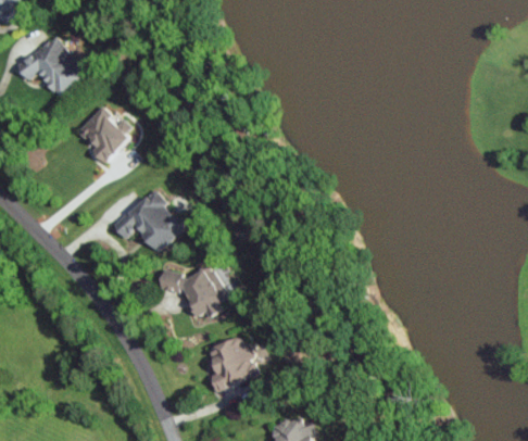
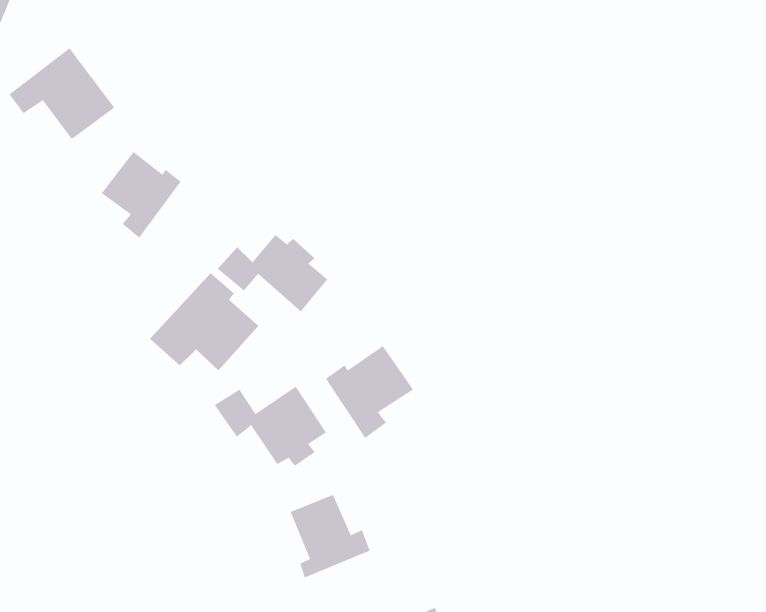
building: none -> [217,234,328,312]
building: none -> [325,345,414,439]

